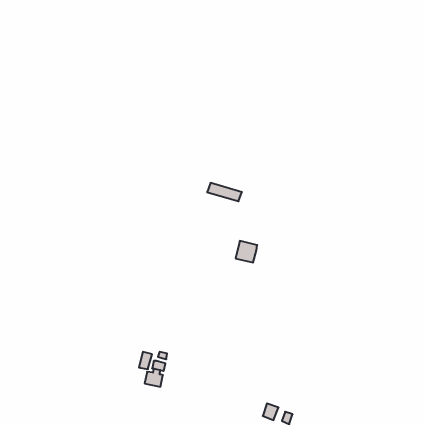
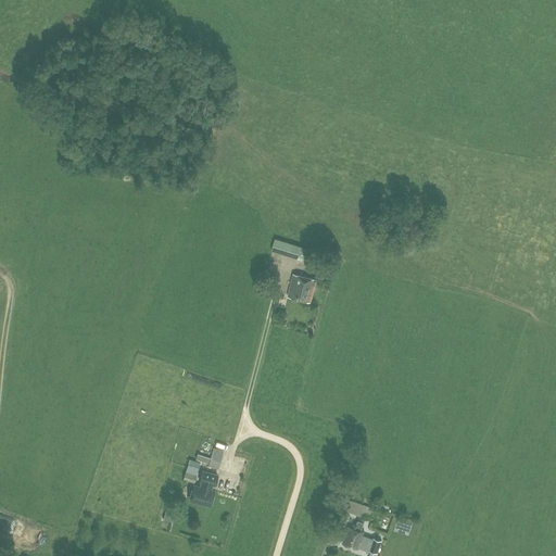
building: [236,241,257,263] -> [287,274,315,302]

